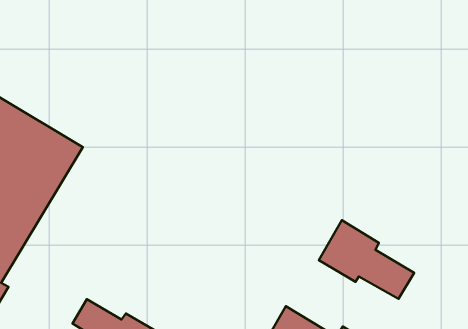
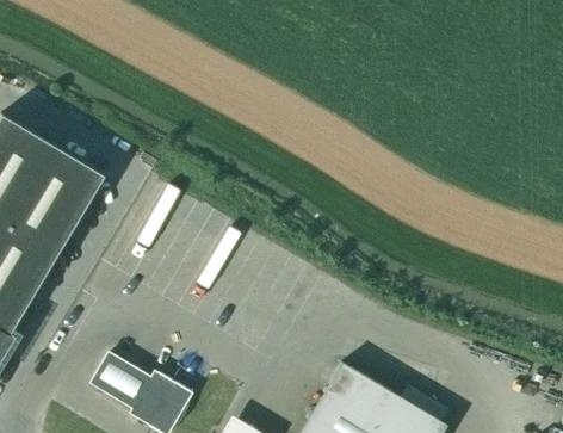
building: [319,220,414,299] -> none

